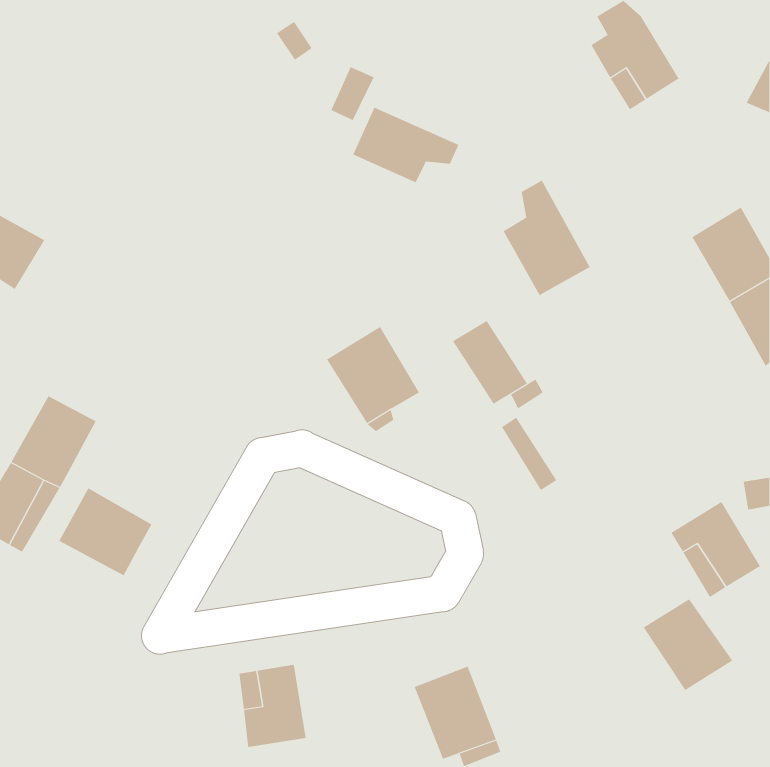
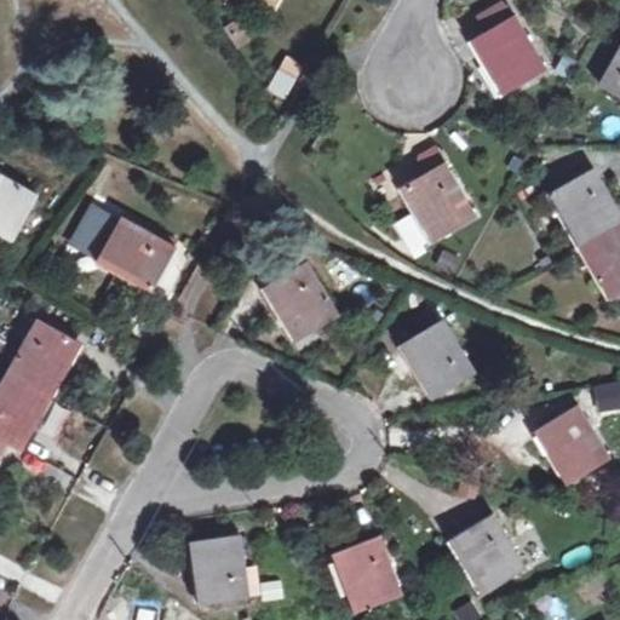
building: [353,107,459,183] -> none
building: none -> [74,211,174,287]
building: [452,320,528,405] -> [414,321,475,389]
building: [58,488,152,576] -> none
building: [643,599,733,691] -> [453,517,526,591]

